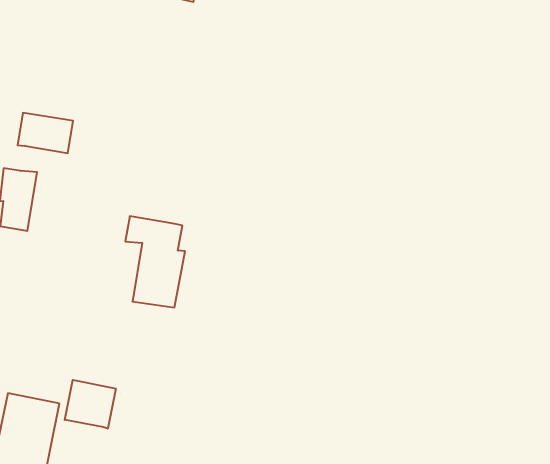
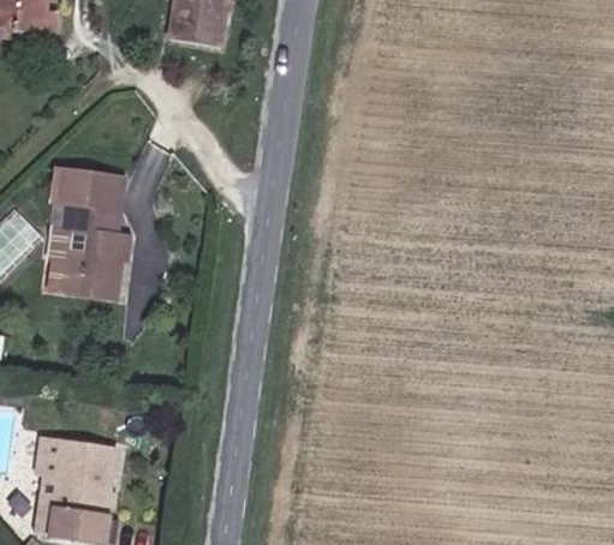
building: [125,216,185,307] -> [61,199,121,286]
building: [65,380,116,429] -> none

